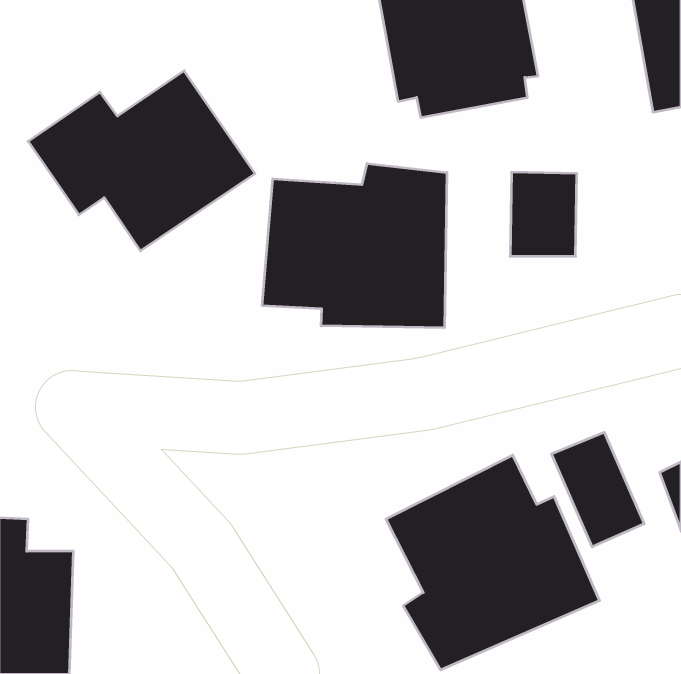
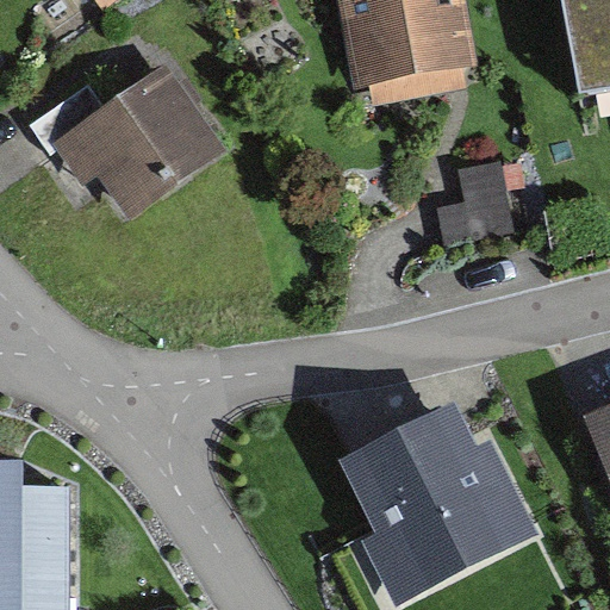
building: [262,163,447,328] -> none
building: [552,432,644,547] -> none

